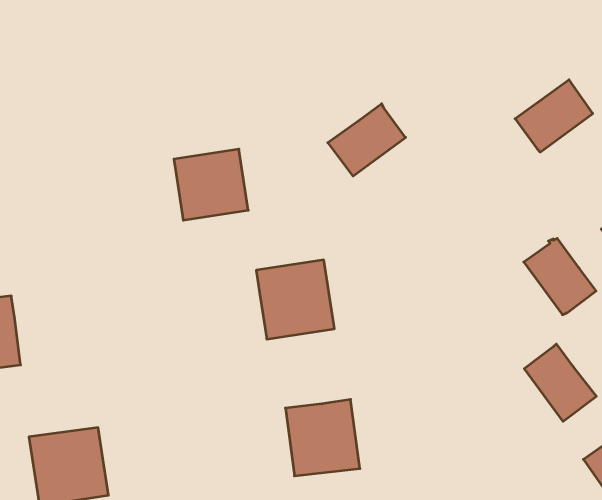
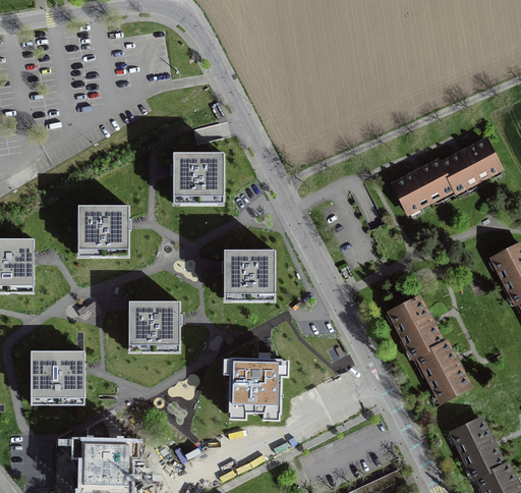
building: [328,104,406,176] -> [392,160,452,212]
building: none -> [77,205,130,254]
building: [524,238,596,315] -> [389,297,441,357]
building: none -> [127,303,178,351]

